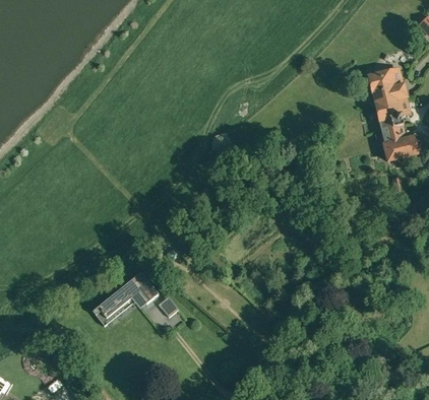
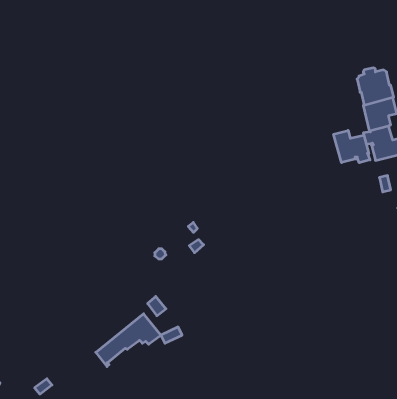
building: none -> [334,130,370,163]
building: [95,272,160,325] -> [96,314,161,367]

